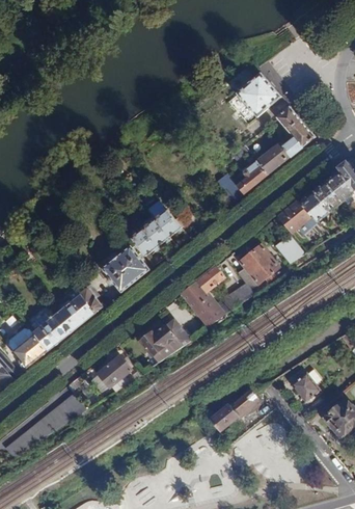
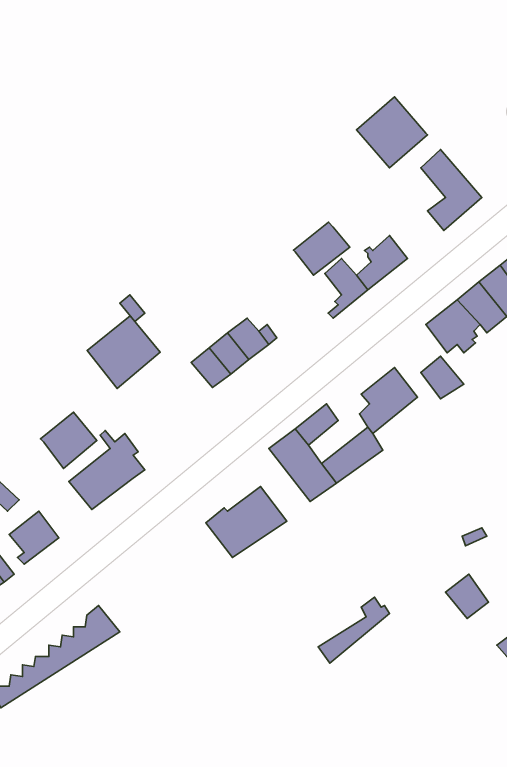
building: [254,140,290,173] -> [294,222,350,275]
building: [102,246,147,292] -> [87,316,160,389]
building: [33,314,69,349] -> [41,412,97,468]
building: [98,353,132,389] -> none

